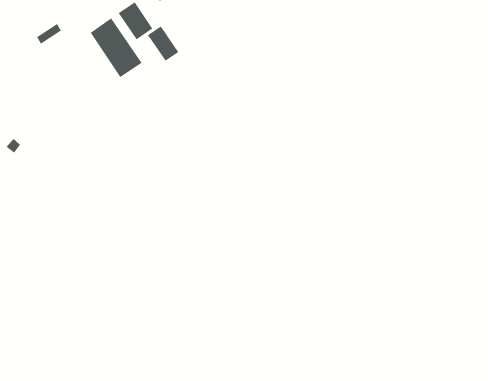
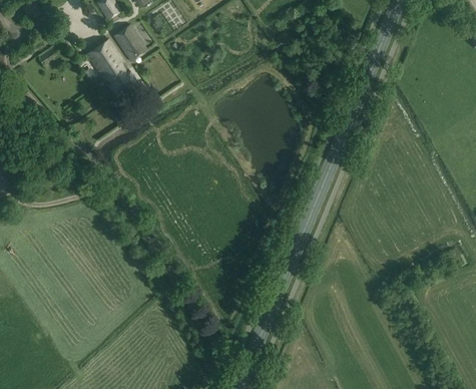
building: [147,26,179,62] -> none

